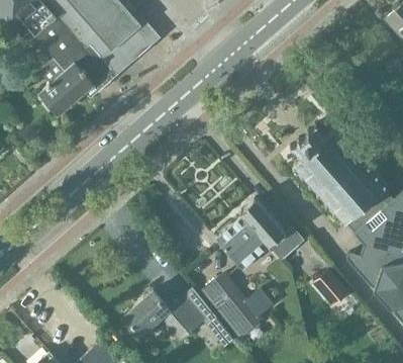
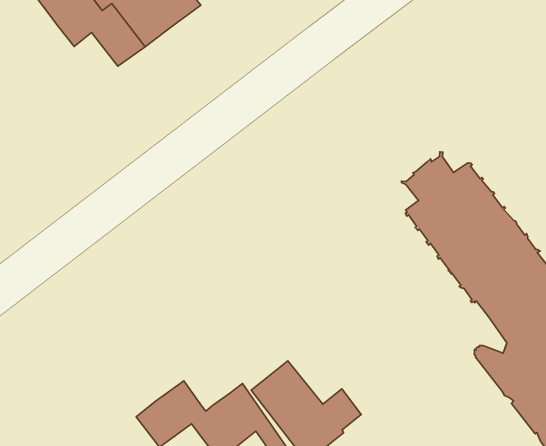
building: [41,60,95,112] -> none
building: [216,199,304,268] -> none
building: [314,270,348,306] -> none

